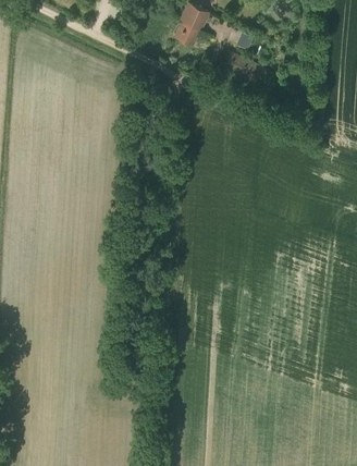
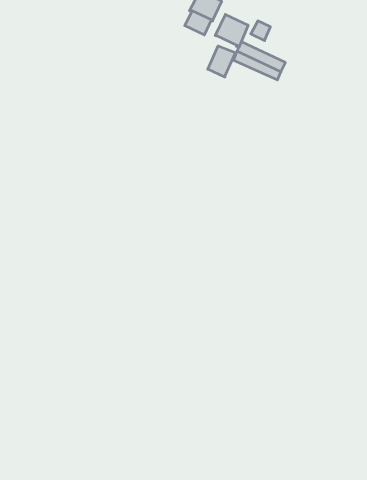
building: none -> [215,14,248,47]
building: none -> [208,46,236,77]

